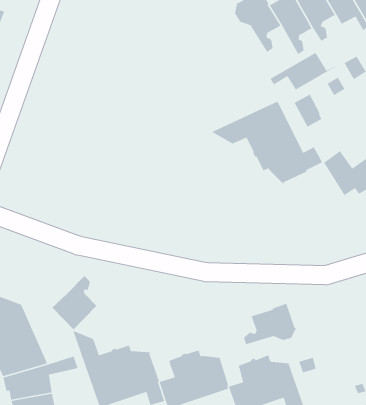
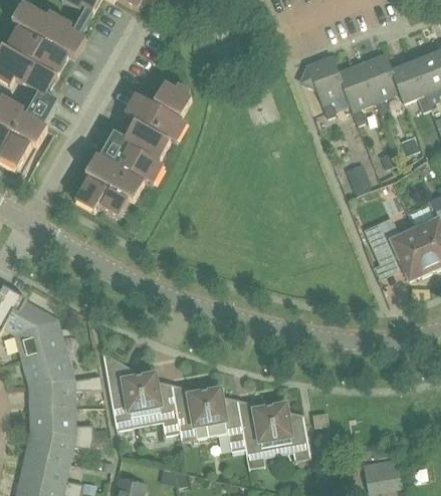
building: none -> [75,81,191,215]
building: [270,52,344,91] -> none
building: [212,101,323,185] -> none
building: [51,275,97,330] -> none
building: [243,303,296,345] -> none

